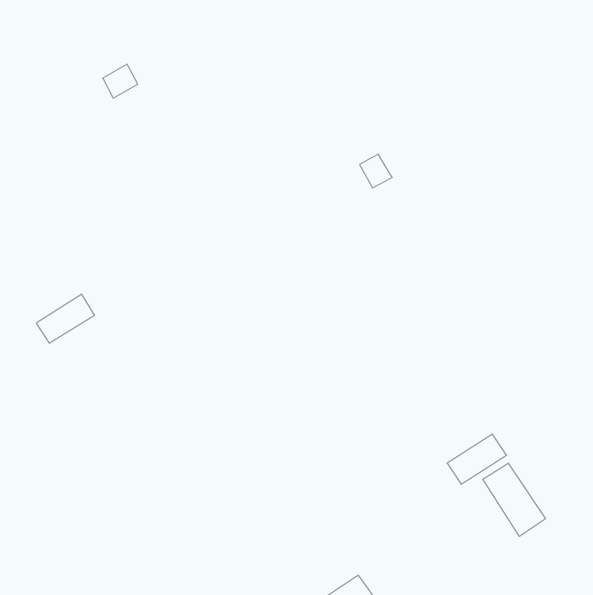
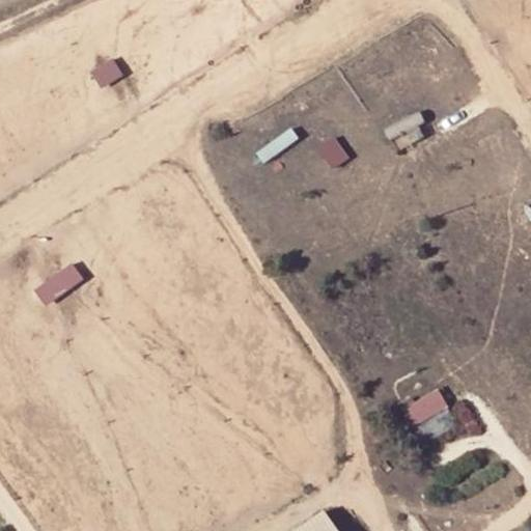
building: [483,463,546,536] -> none

